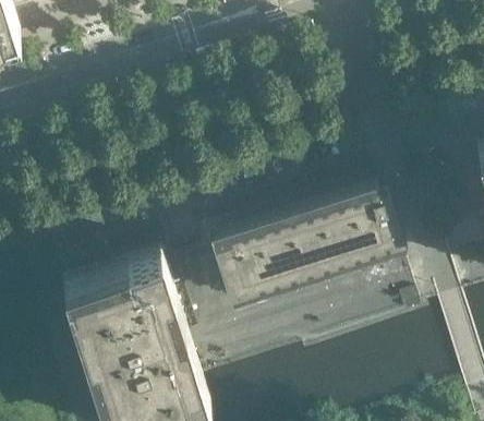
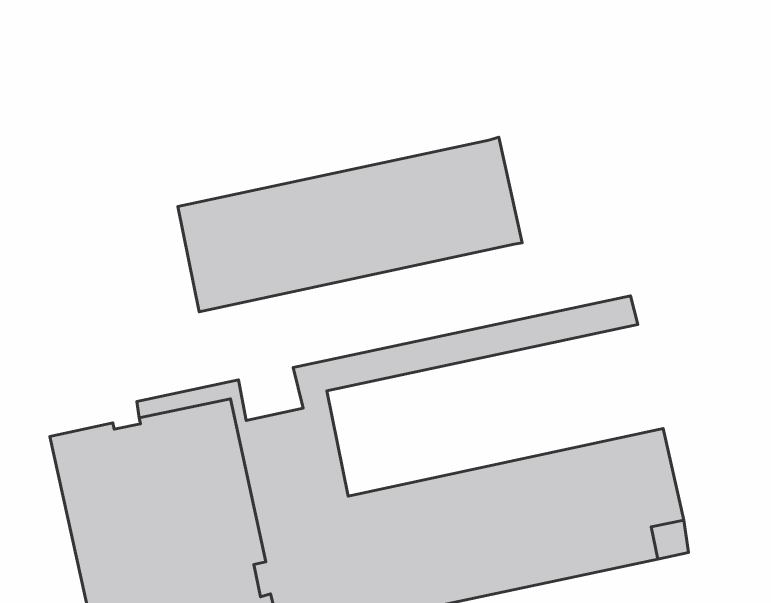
building: [213,193,403,305] -> [178,137,522,312]

